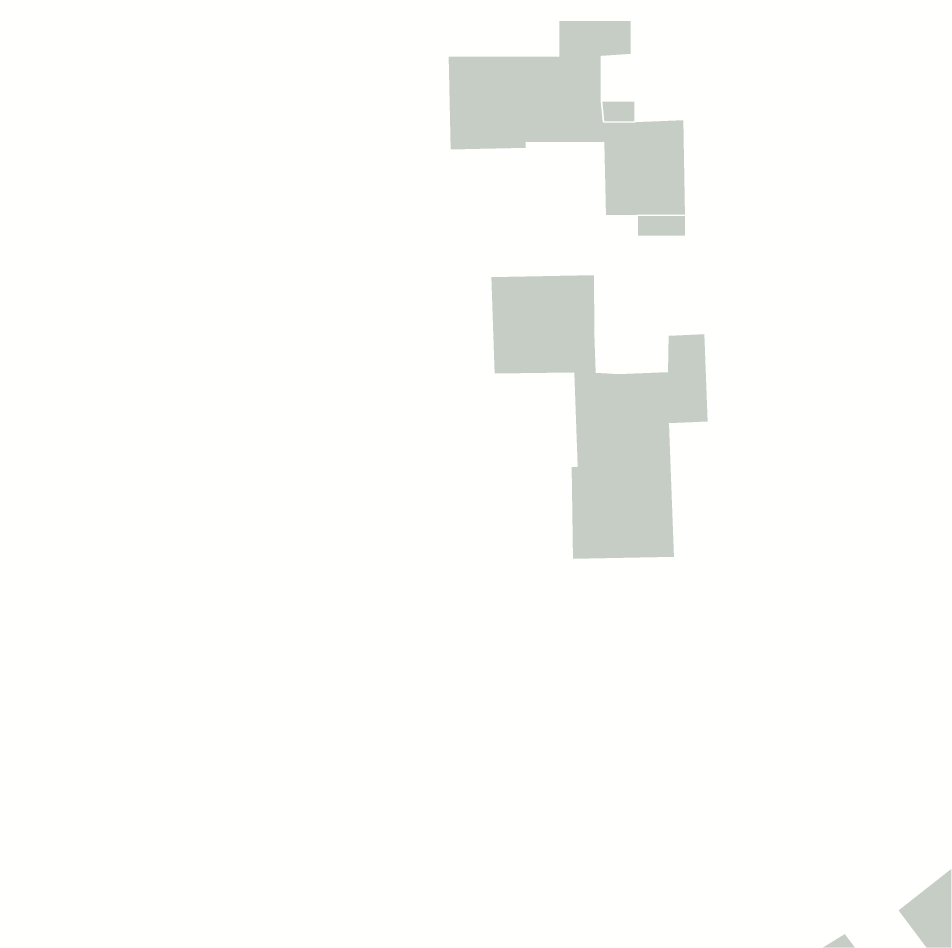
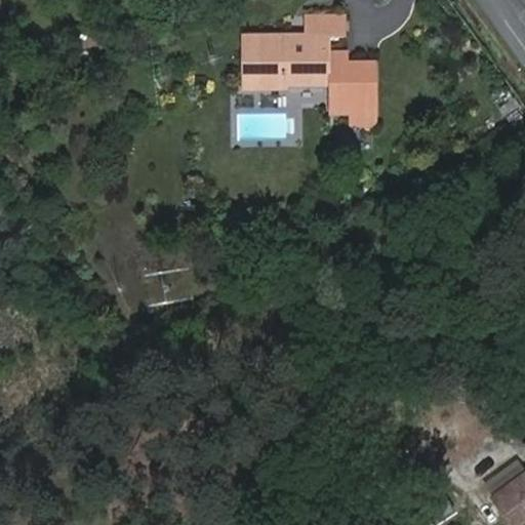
building: [491,275,708,560] -> none

